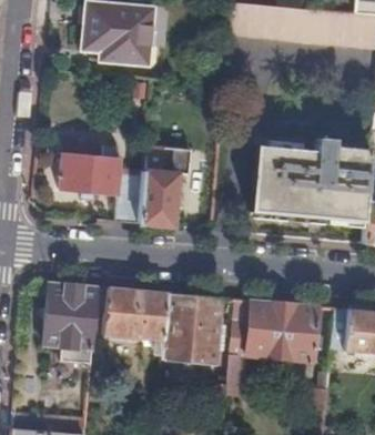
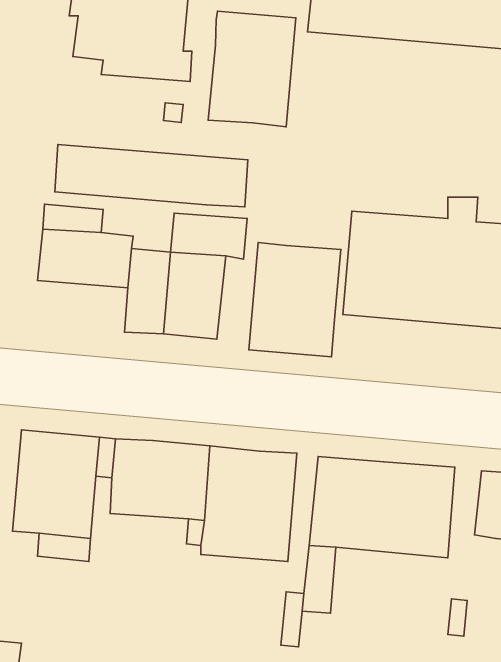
building: none -> [208,11,296,127]
building: none -> [55,144,248,207]
building: none -> [249,243,341,357]

